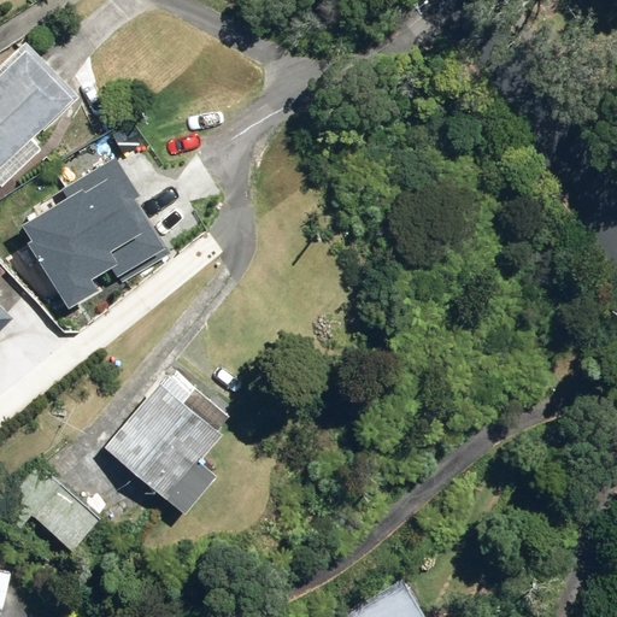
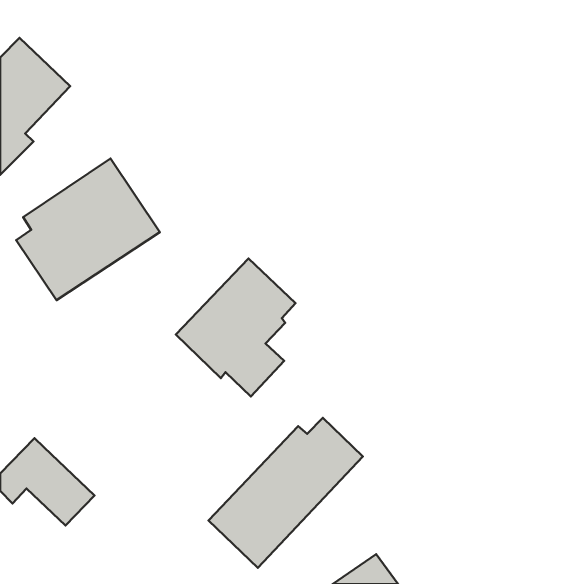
building: [101,369,227,513] -> [176,258,296,396]
building: none -> [208,418,363,568]

